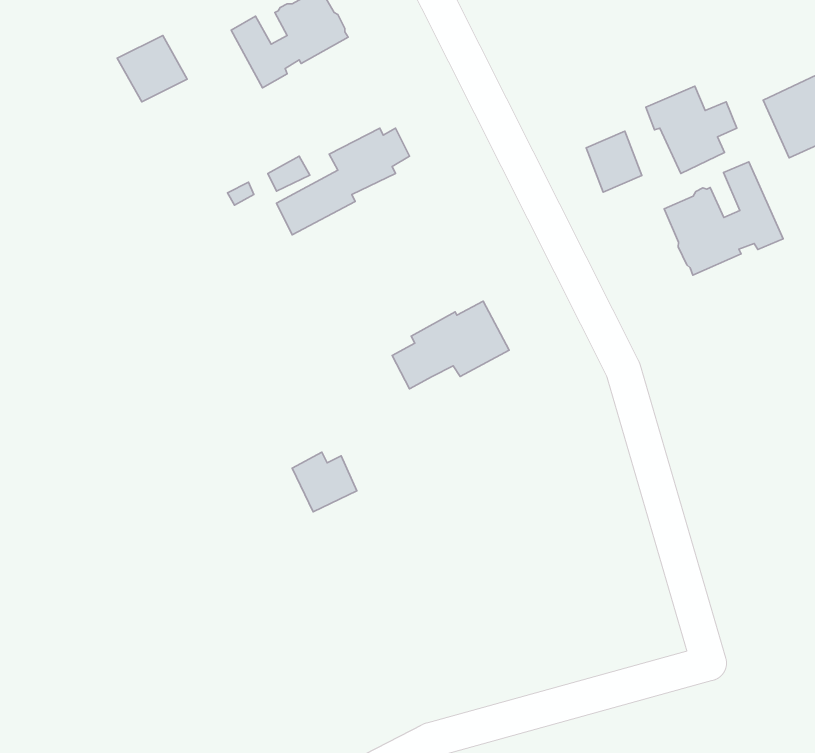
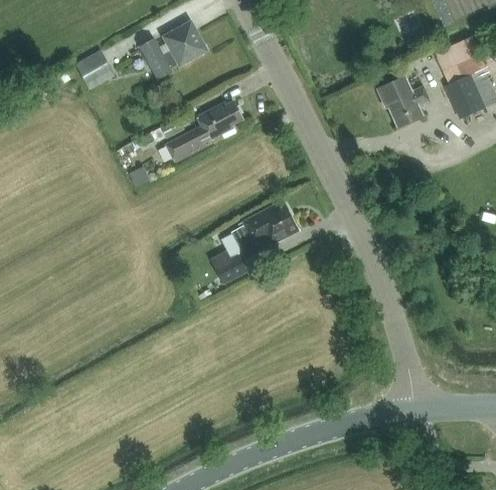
building: [586,131,642,192] -> none
building: [664,162,783,275] -> none
building: [292,452,357,512] -> [210,249,247,283]

